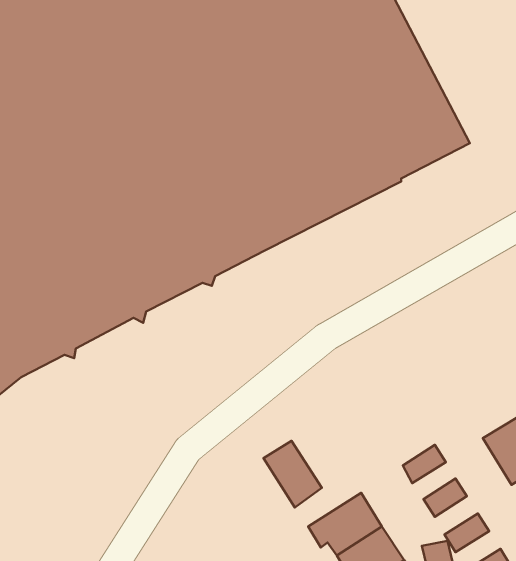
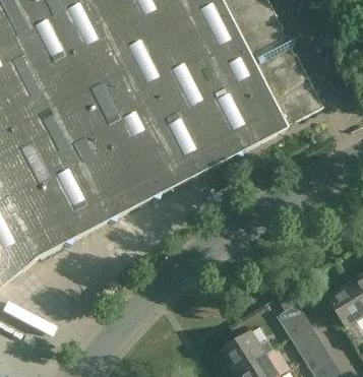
building: [264,441,322,507] -> none

